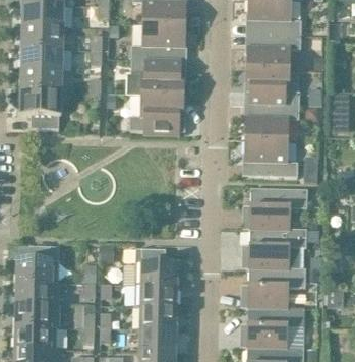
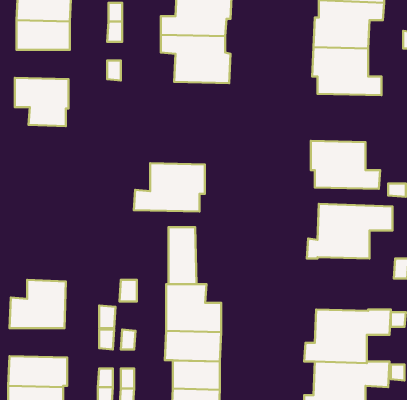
building: [20,69,62,92] -> none
building: [129,94,183,130] -> [134,163,205,211]
building: [245,103,299,139] -> none
building: none -> [168,227,196,284]
building: [241,227,306,267] -> none
building: [16,281,61,303] -> none

